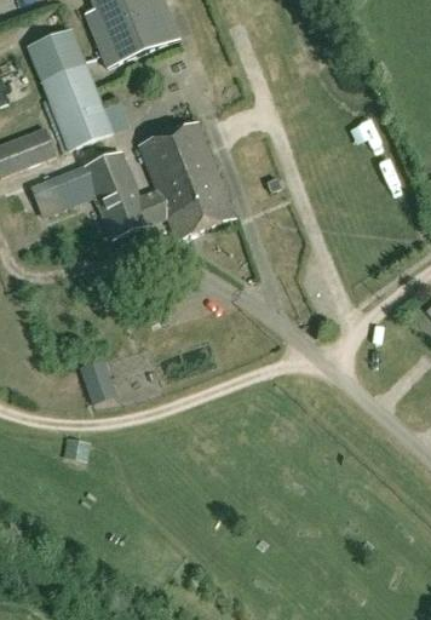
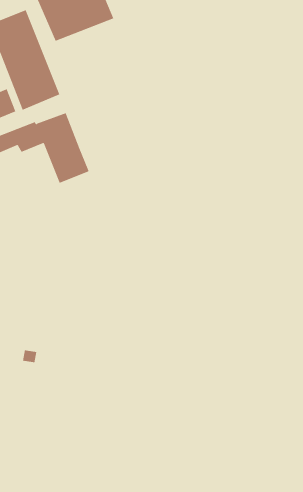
building: [138,121,235,240] -> none
building: [84,360,113,403] -> none

